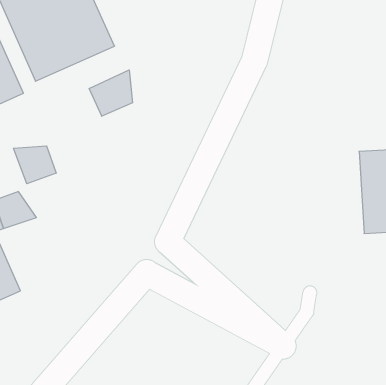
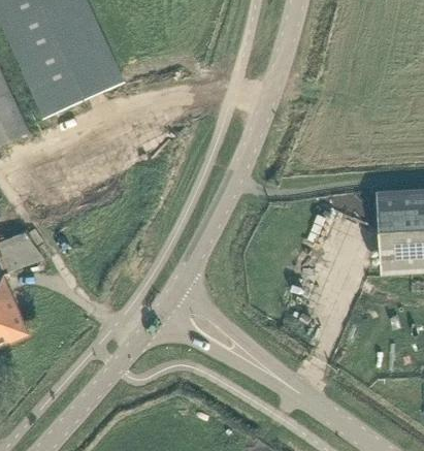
building: [89,70,132,116] -> none
building: [13,146,56,184] -> none

